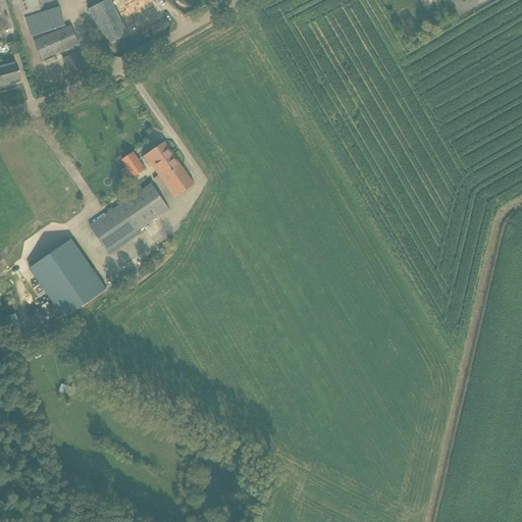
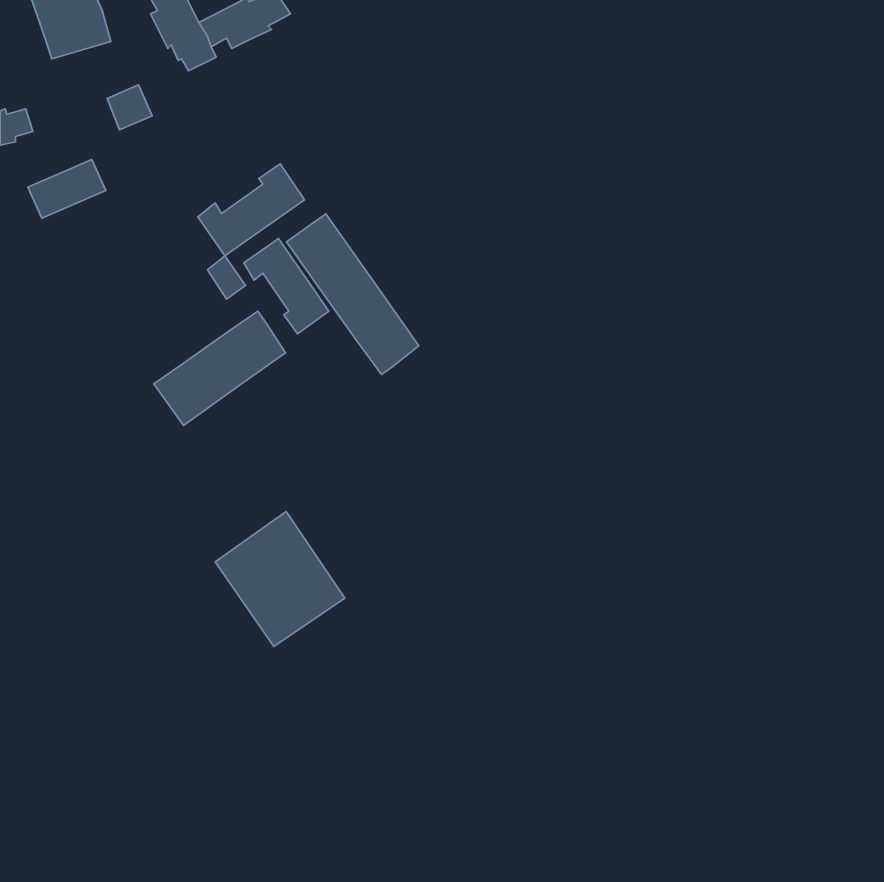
building: [34,24,80,59] -> [28,160,106,218]
building: none -> [198,164,304,256]
building: none -> [286,214,419,375]
building: [30,238,106,317] -> [215,512,345,646]

